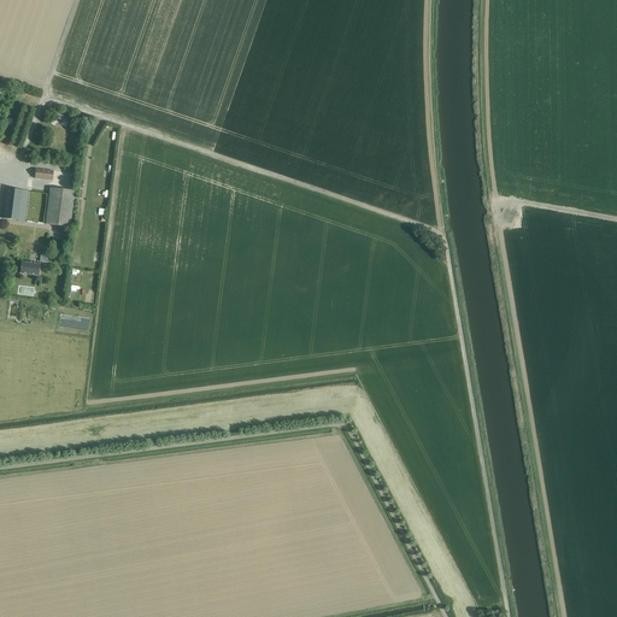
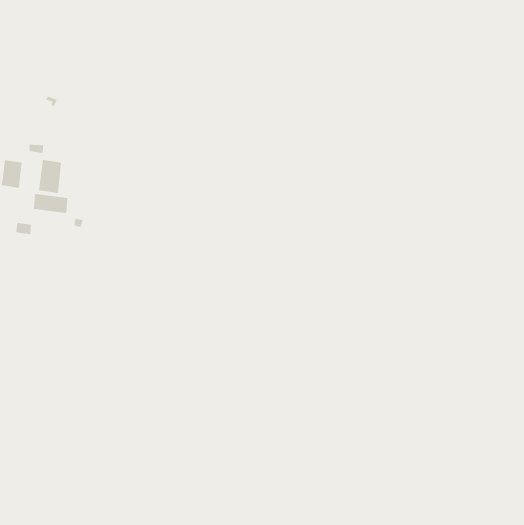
building: none -> [34,193,68,214]

